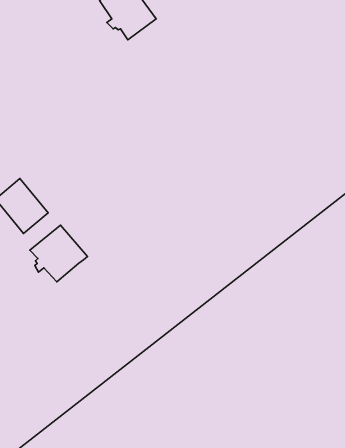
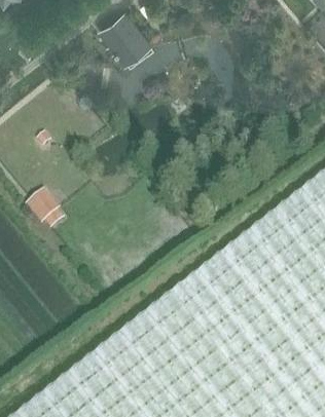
building: [30,225,87,282] -> none

